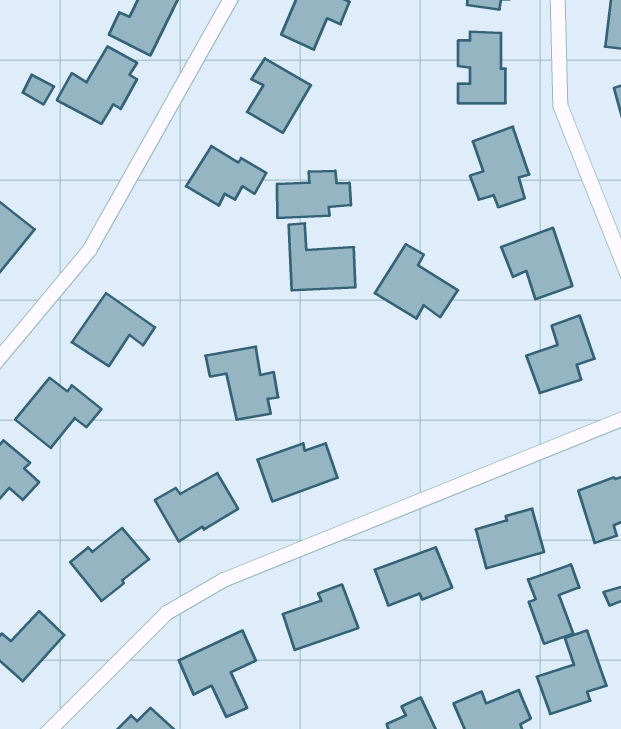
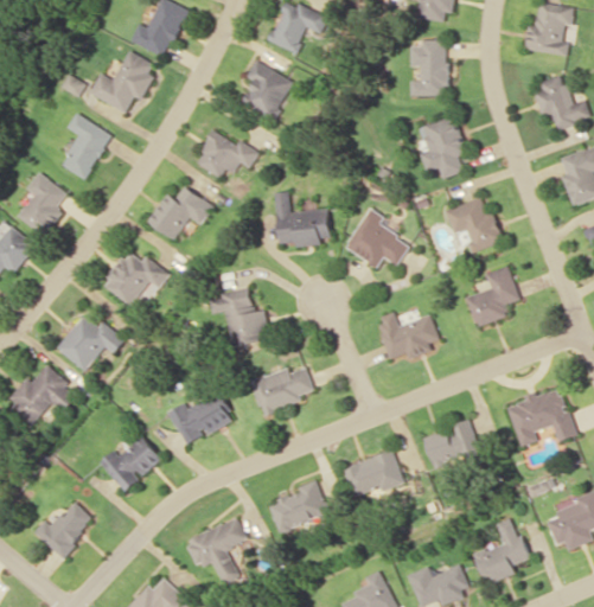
building: none -> [60,113,111,179]
building: [277,171,351,218] -> none
building: none -> [146,186,210,239]
building: none -> [373,312,437,359]
building: [528,564,579,644] -> none

